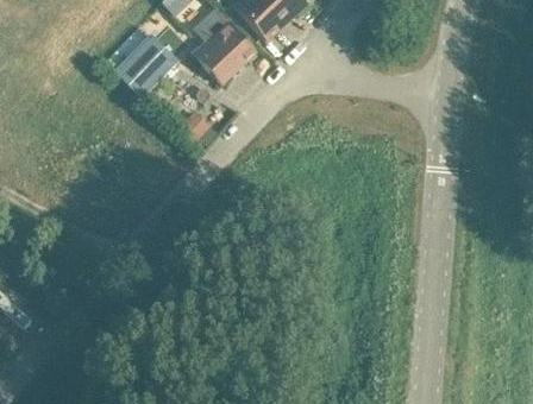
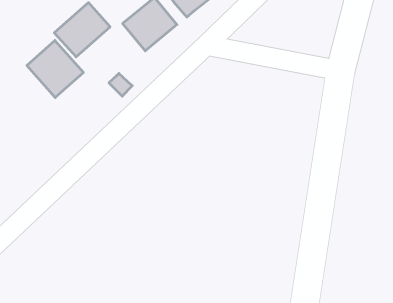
building: none -> [27,40,83,98]

